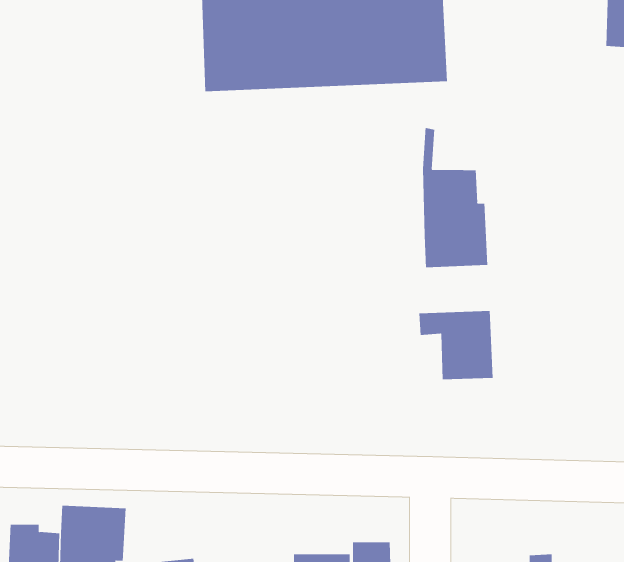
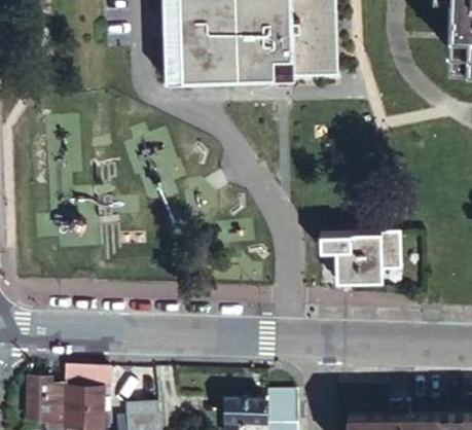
building: [422,127,488,268] -> none
building: none -> [366,234,396,281]

